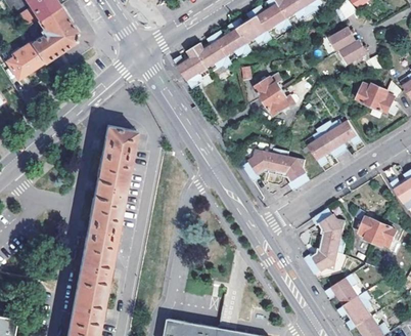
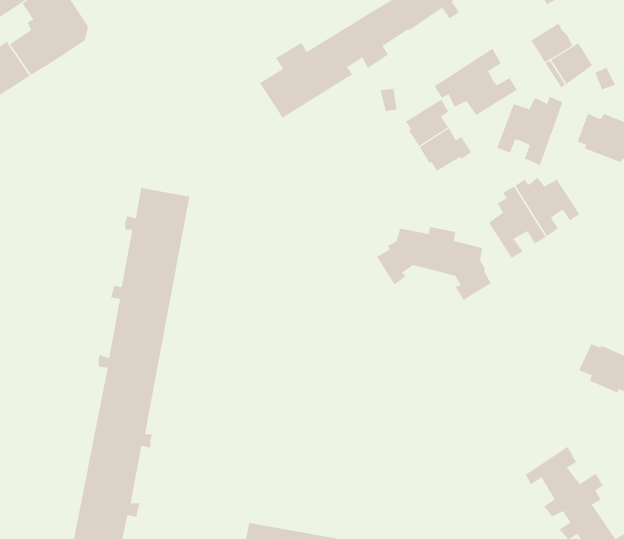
building: none -> [434,48,517,116]
building: none -> [496,96,563,166]
building: [305,207,348,275] -> none

